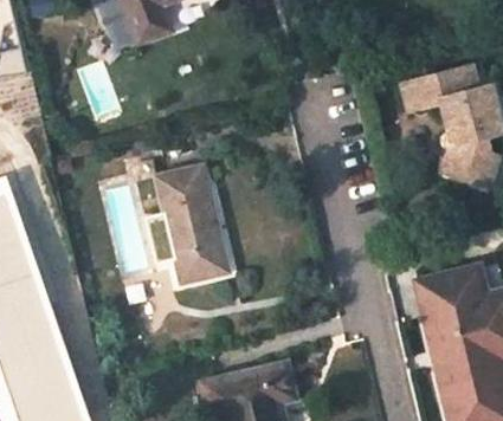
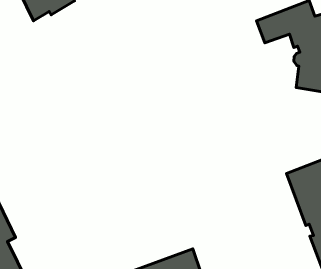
building: [146,167,225,283] -> none

